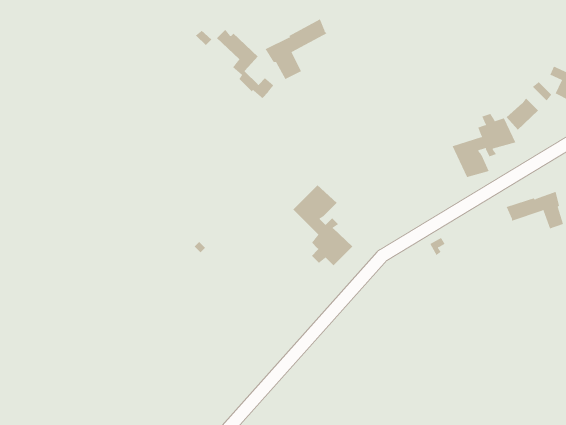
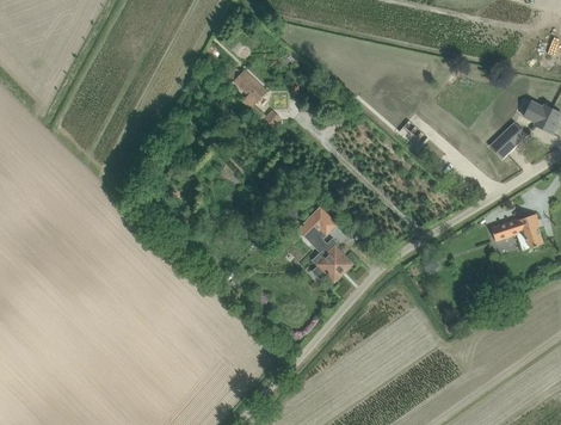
building: [265,18,328,80] -> none
building: [452,113,516,178] -> none

